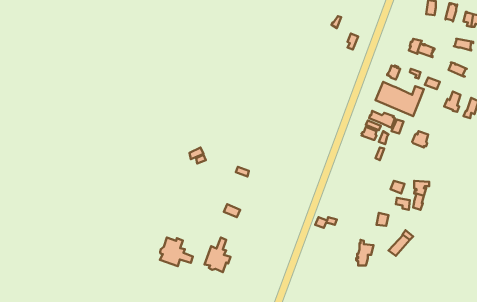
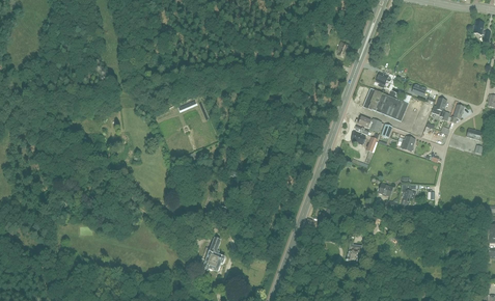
building: [160,237,193,266] -> none

